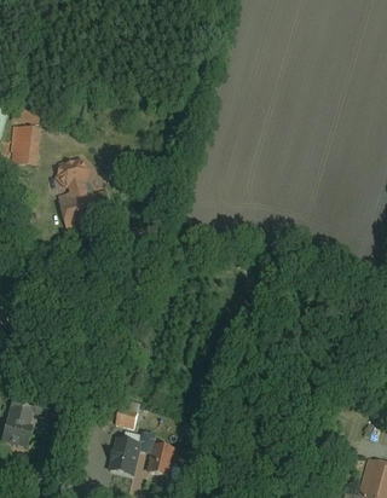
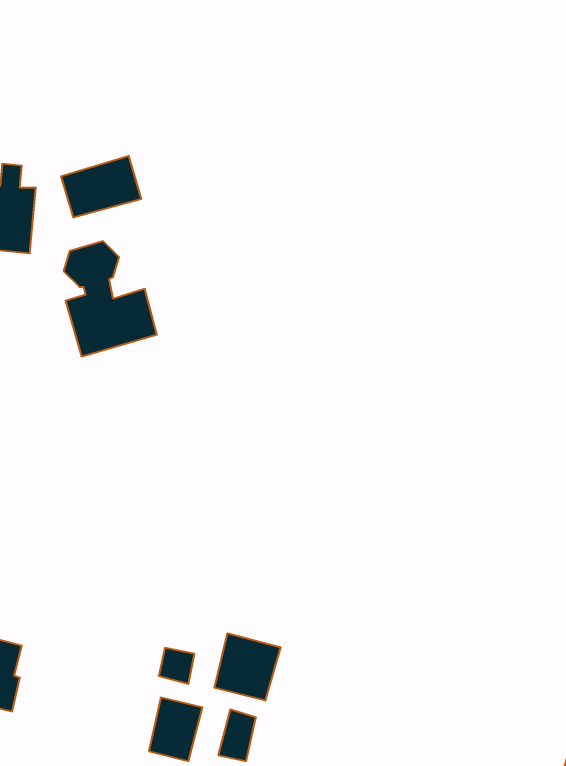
building: none -> [61,156,141,218]
building: none -> [215,633,280,701]

